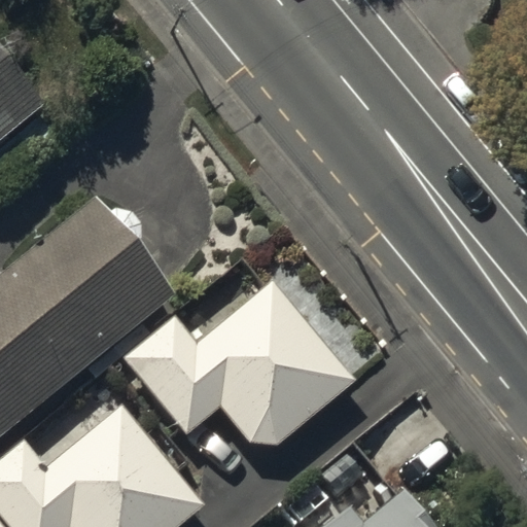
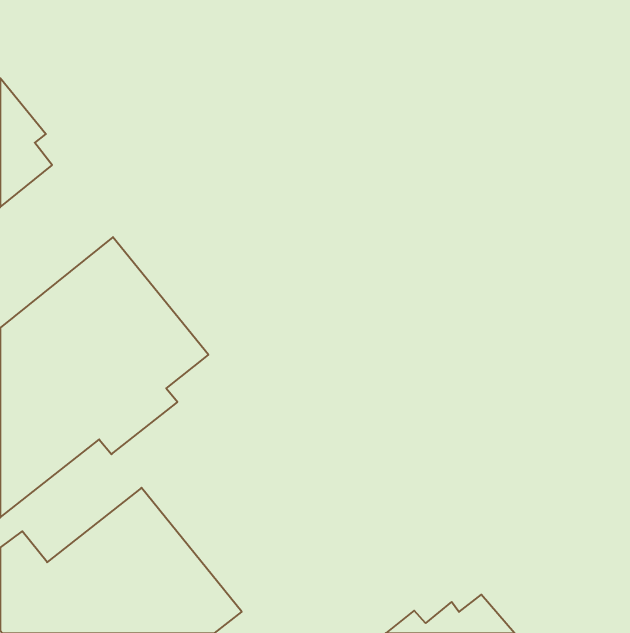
building: [122,281,355,445] -> none

